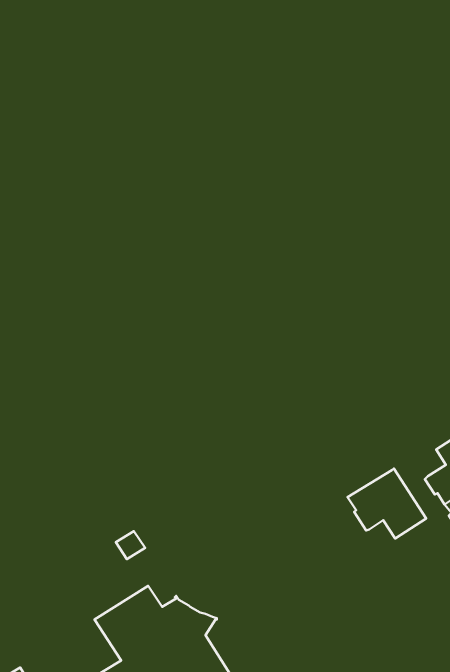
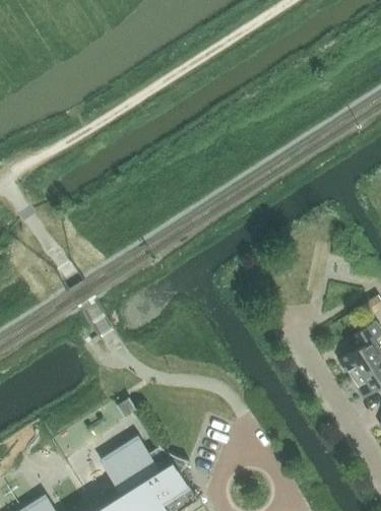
building: [347,468,426,538] -> none

